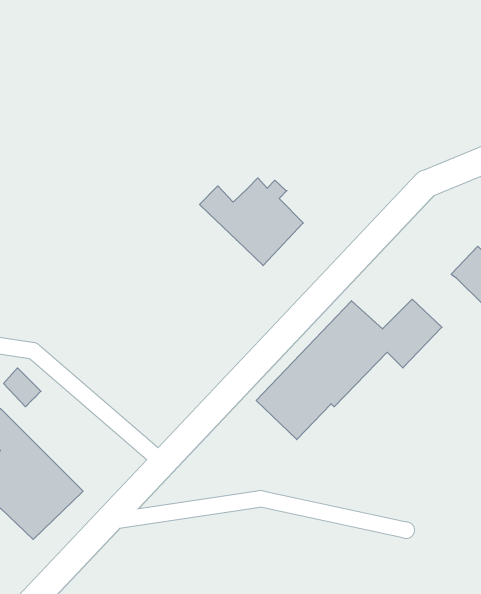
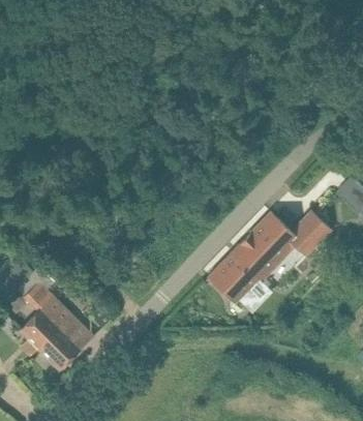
building: [200,178,303,266] -> none

